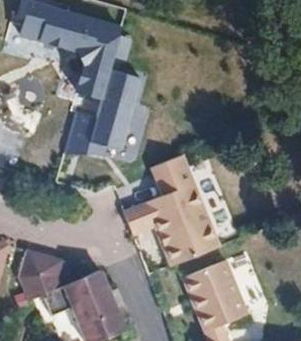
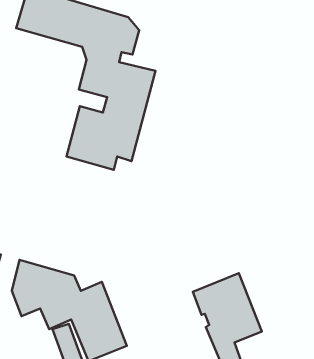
building: [121,155,217,265] -> none

